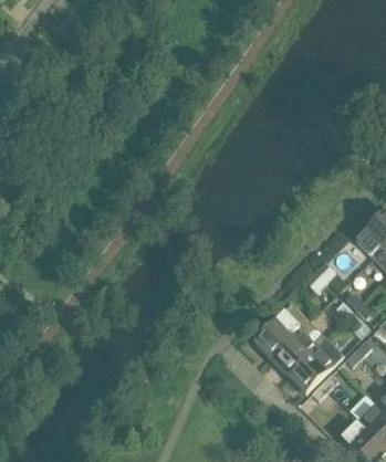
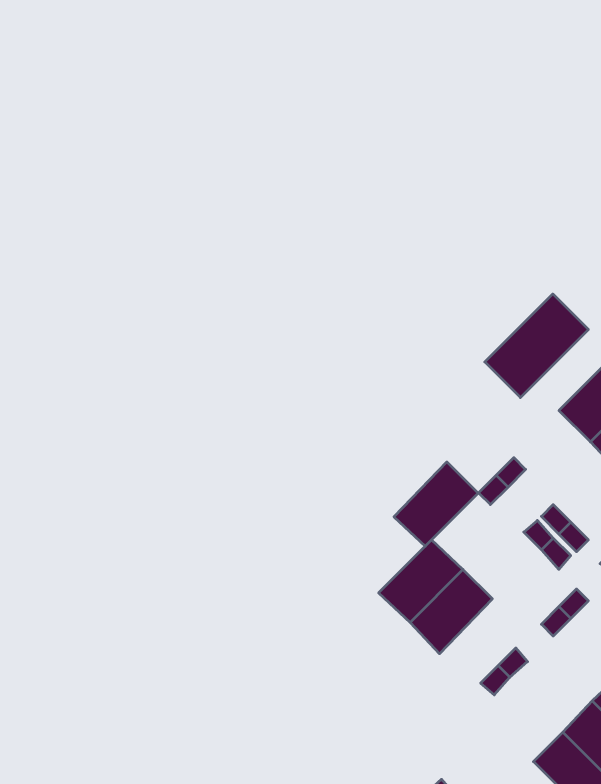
building: none -> [485,294,588,398]
building: [288,344,335,391] -> [394,462,478,546]

